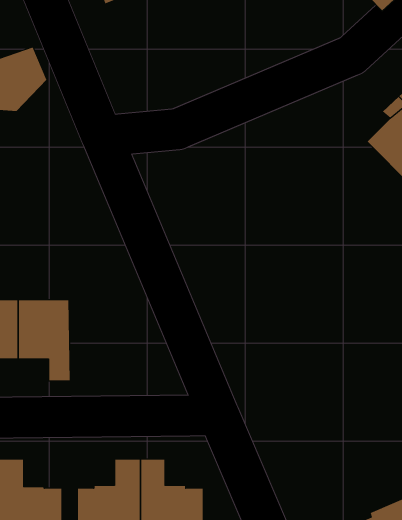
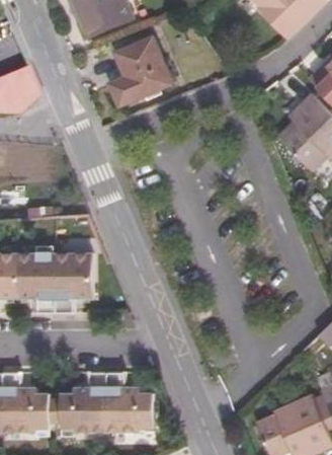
building: none -> [104,39,168,106]
building: none -> [56,251,93,312]

